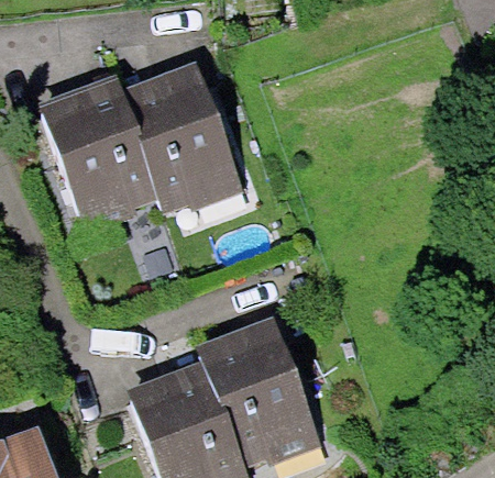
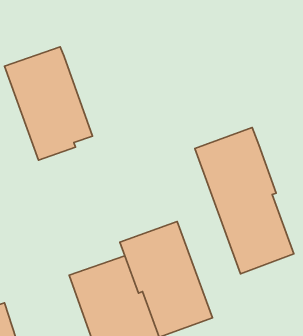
building: [121,62,245,214] -> none
building: none -> [195,127,294,274]

